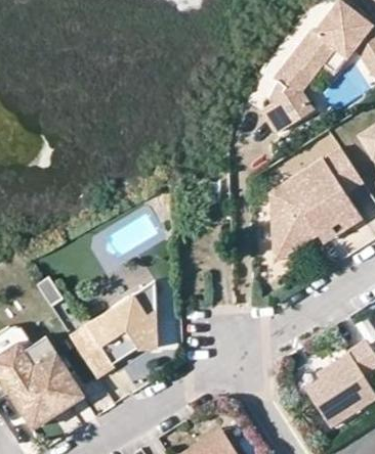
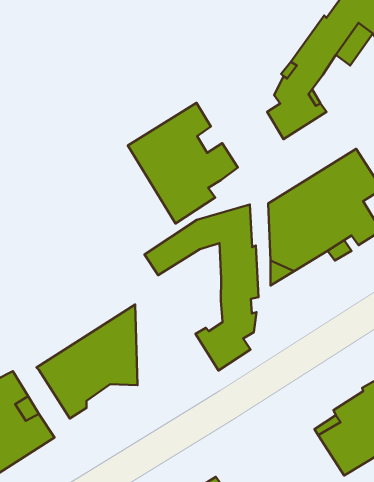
building: none -> [128,103,238,224]
building: none -> [144,205,259,370]

